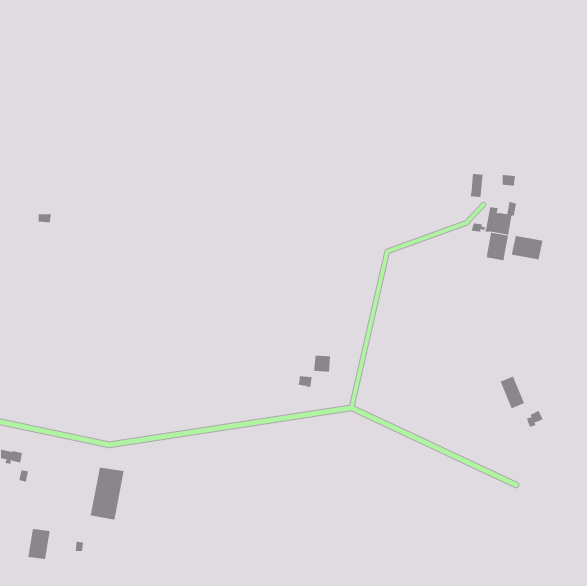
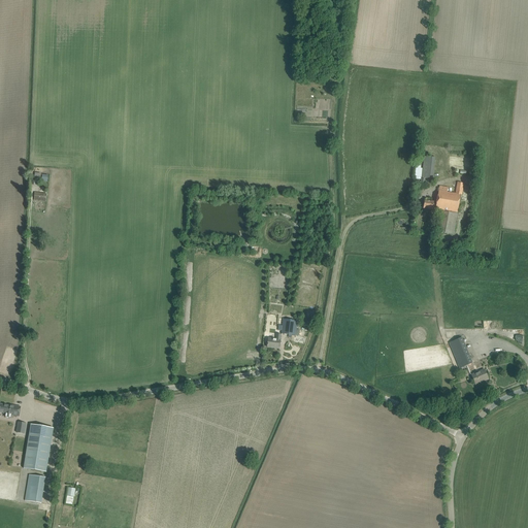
building: [511,235,543,260] -> none
building: [90,467,124,520] -> [23,424,54,471]

